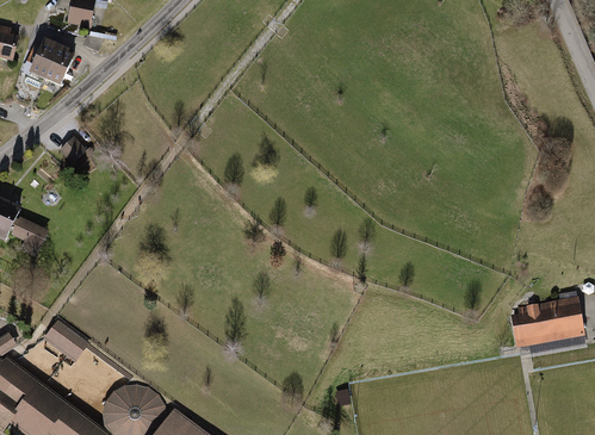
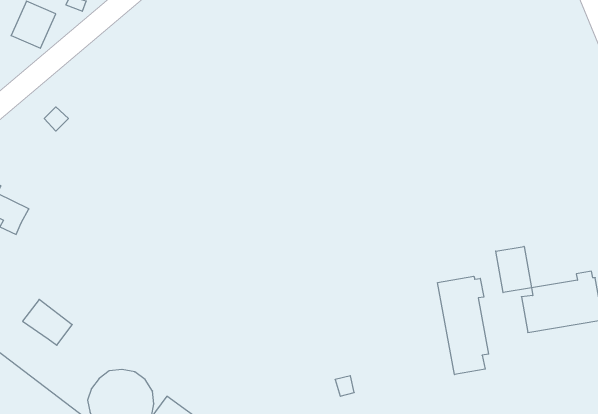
building: none -> [496,246,532,293]
building: none -> [438,276,489,375]

